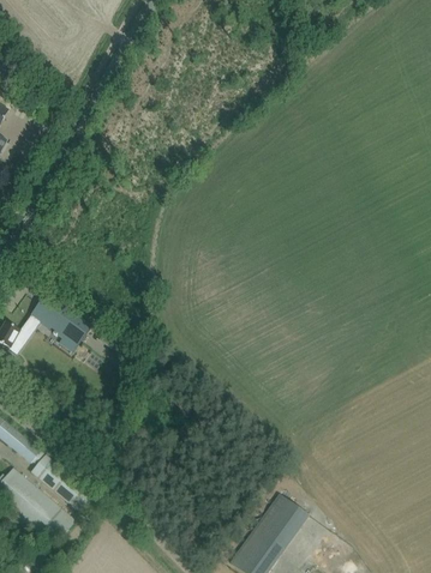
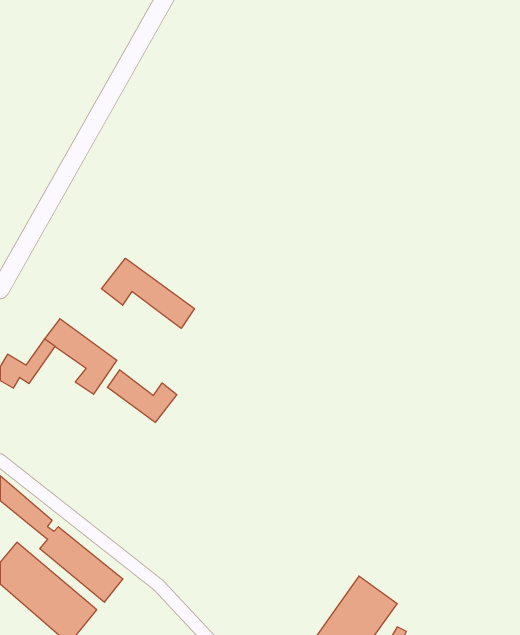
building: none -> [101,258,195,328]
building: none -> [107,370,177,422]

